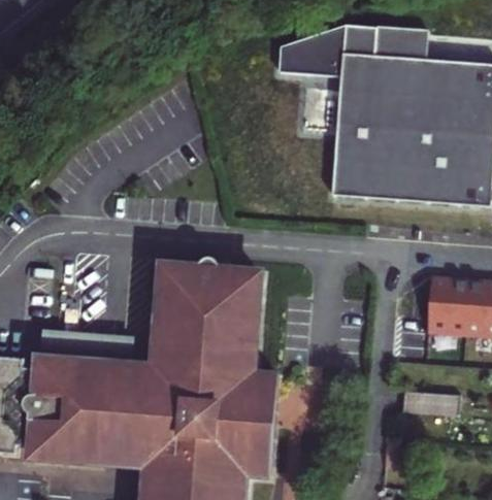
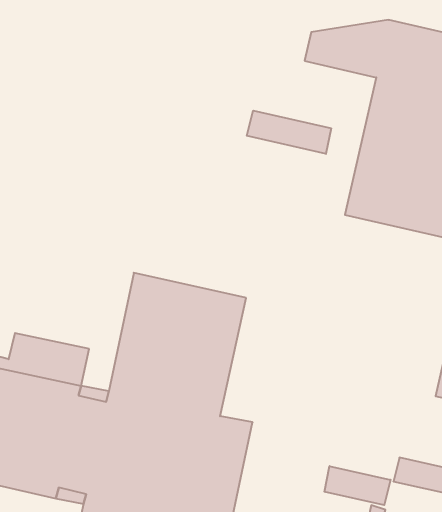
building: none -> [247,111,331,154]
building: none -> [324,466,391,505]

